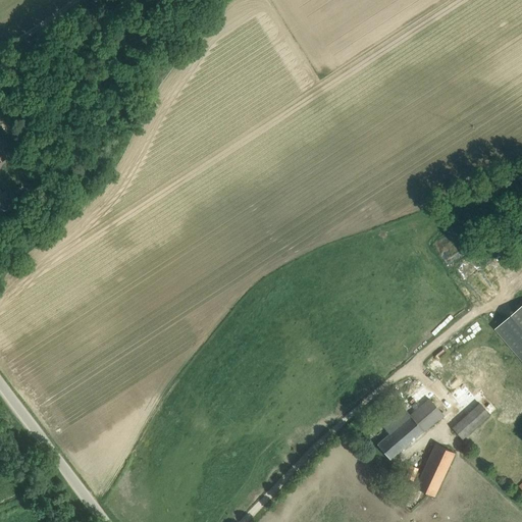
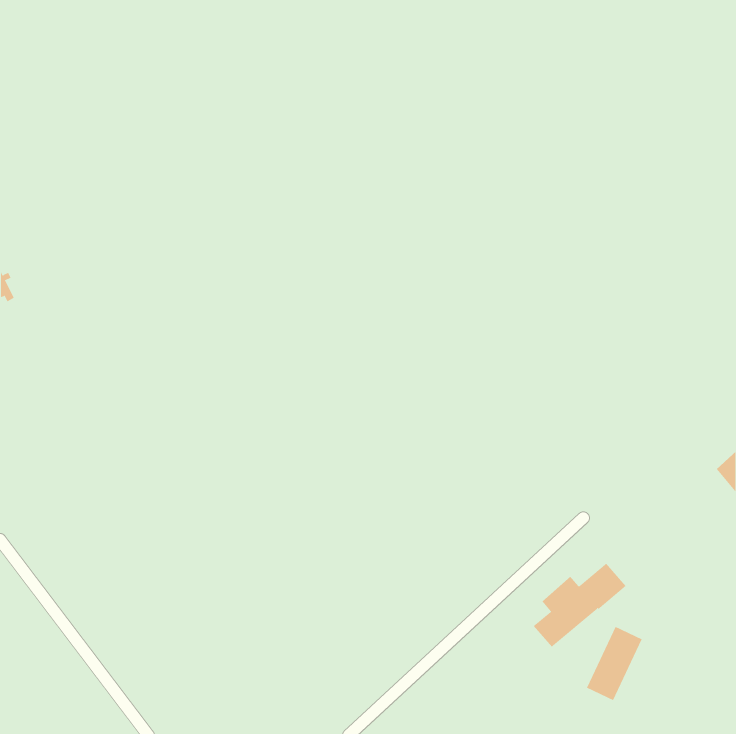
building: [451,403,487,434] -> none

